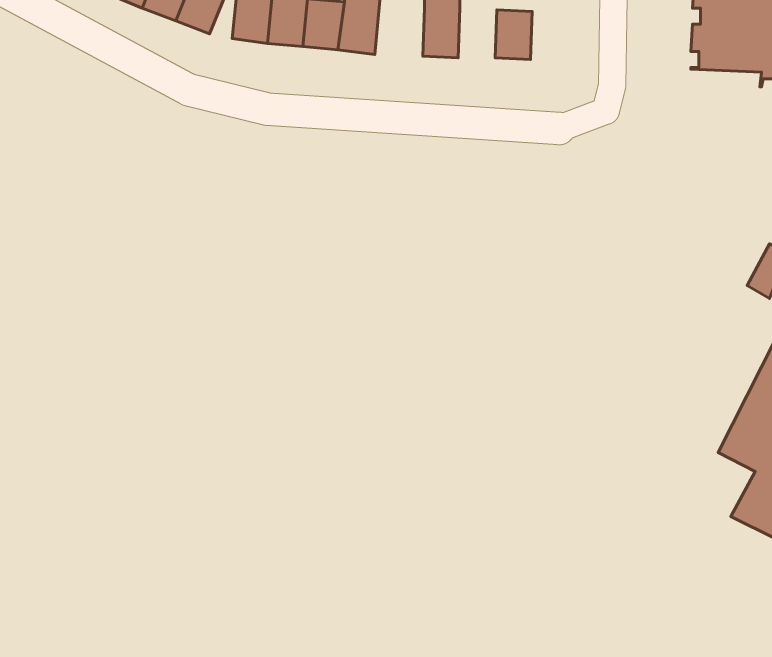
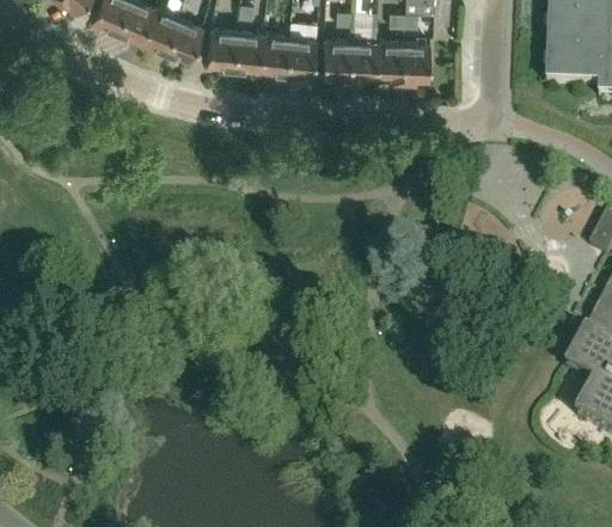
building: none -> [322,41,349,78]
building: none -> [374,42,403,79]

